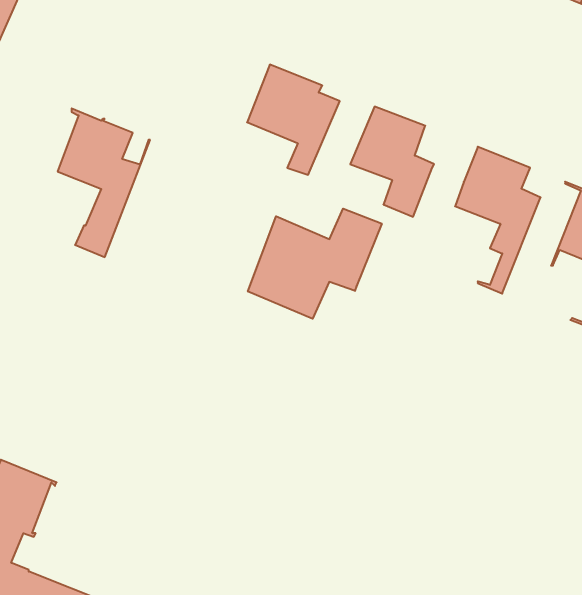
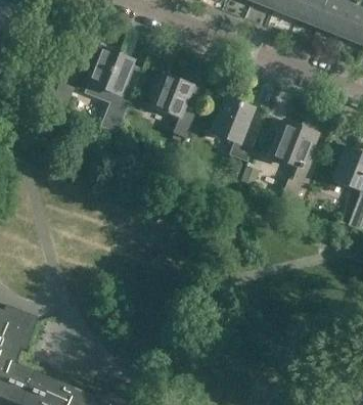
building: [58,108,150,257] -> [88,46,142,133]
building: [248,209,382,319] -> none

